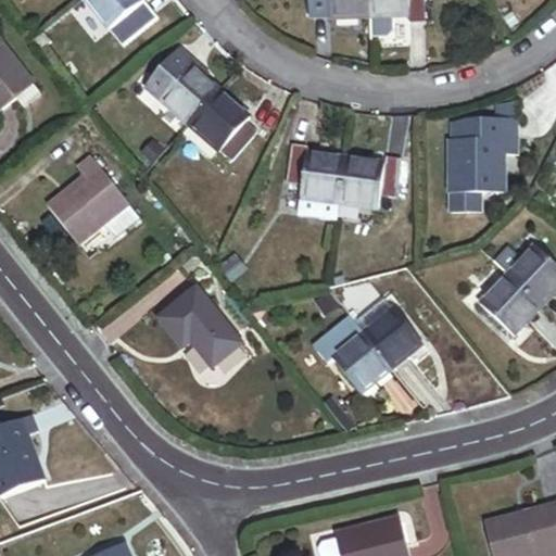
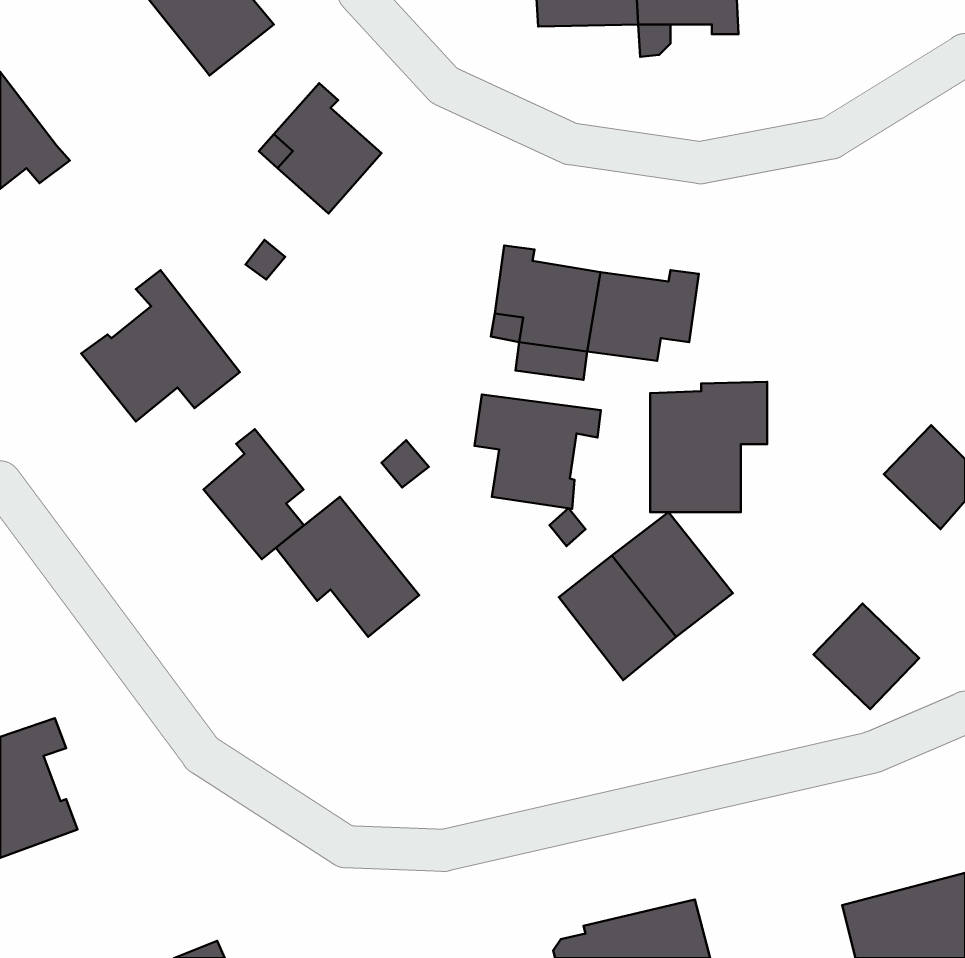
building: [182,88,256,159] -> none
building: [451,116,518,191] -> [650,382,767,512]
building: none -> [475,395,601,509]
building: none -> [204,429,304,559]
building: [480,273,541,333] -> [813,603,919,709]

